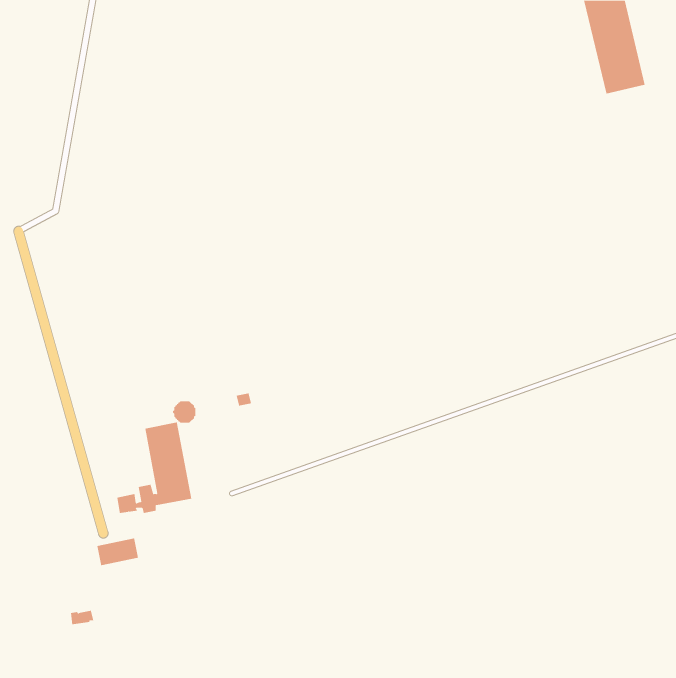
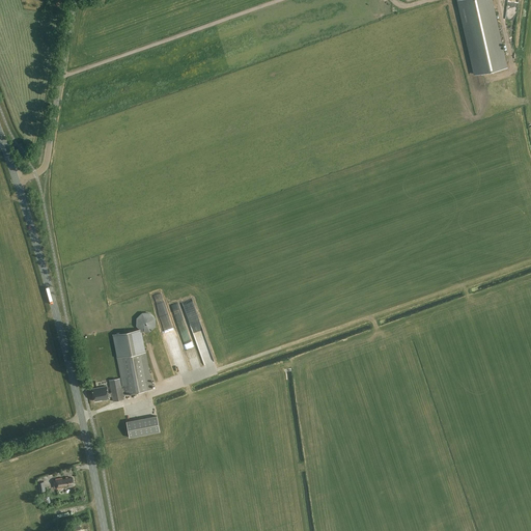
building: [96,538,139,566] -> [125,416,159,438]

